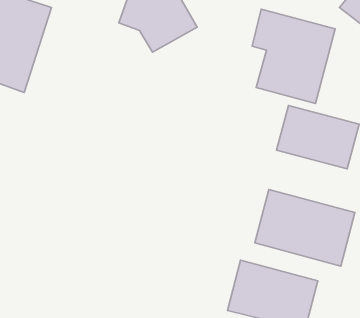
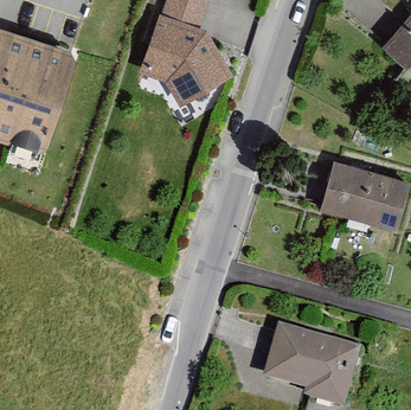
building: [252,9,335,104] -> none
building: [255,189,355,266] -> none

